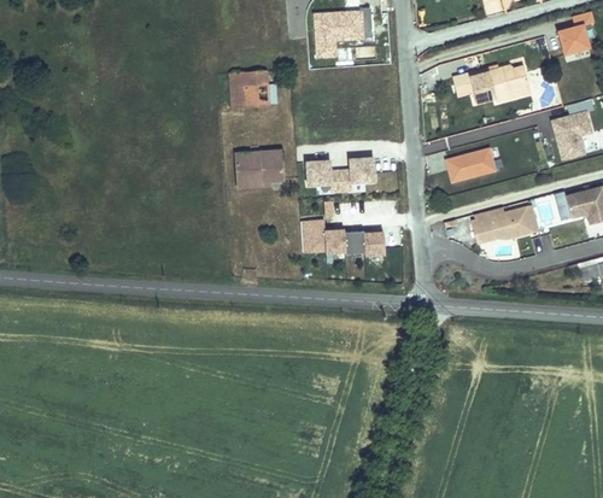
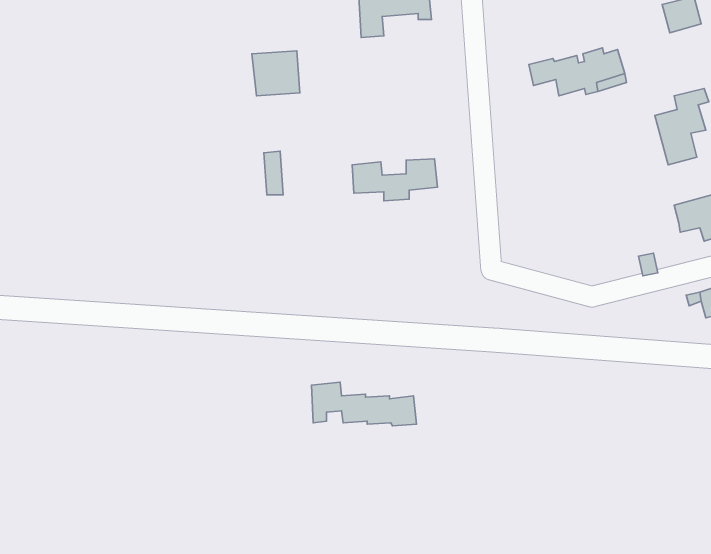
building: [250,147,285,184] -> none
building: [446,151,494,182] -> none
building: [472,206,539,244] -> none
building: [302,218,386,253] -> [312,382,416,426]

